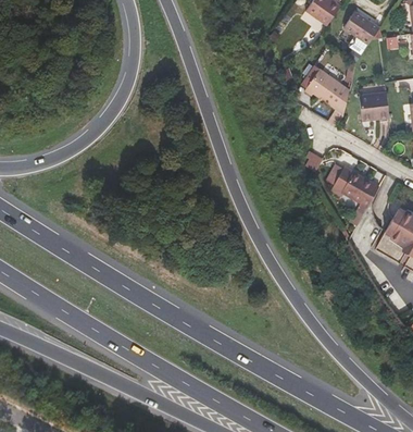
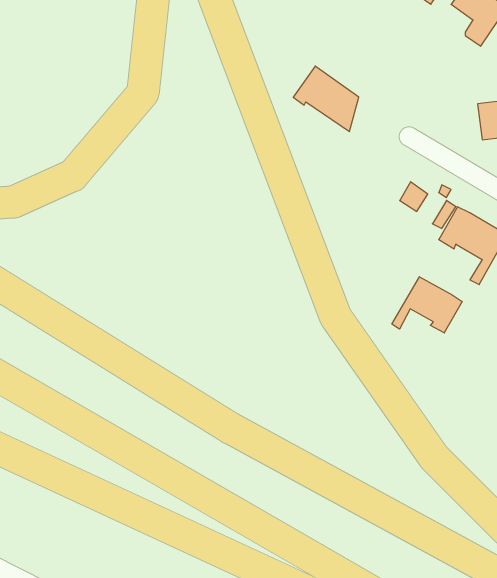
building: [303,67,349,113] -> [293,66,359,132]
building: none -> [392,277,462,333]

